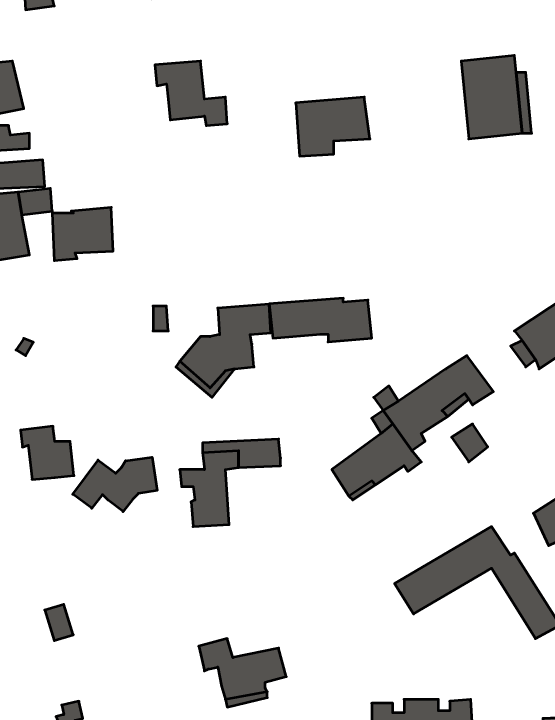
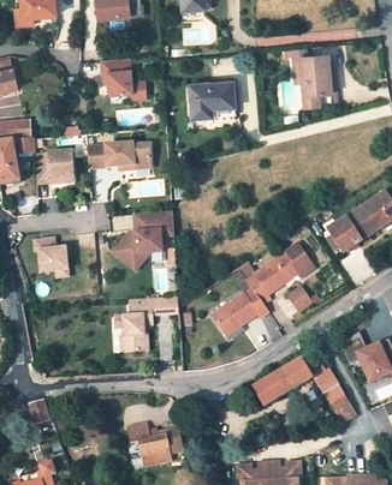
building: [269,298,372,342] -> [87,143,152,170]
building: [21,426,74,479] -> [34,238,67,271]
building: [73,457,157,512] -> none

